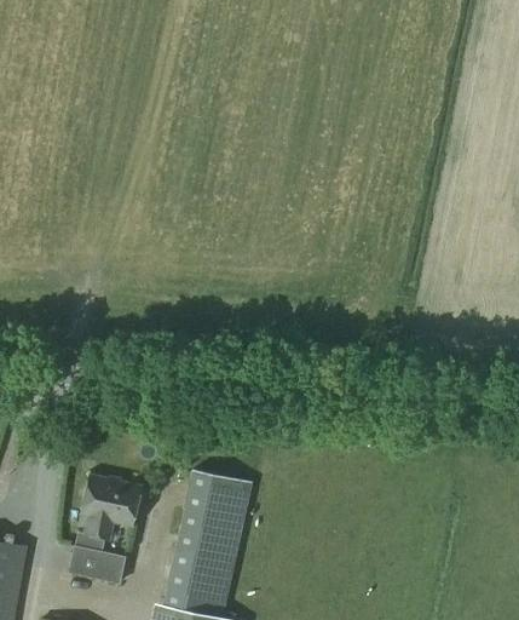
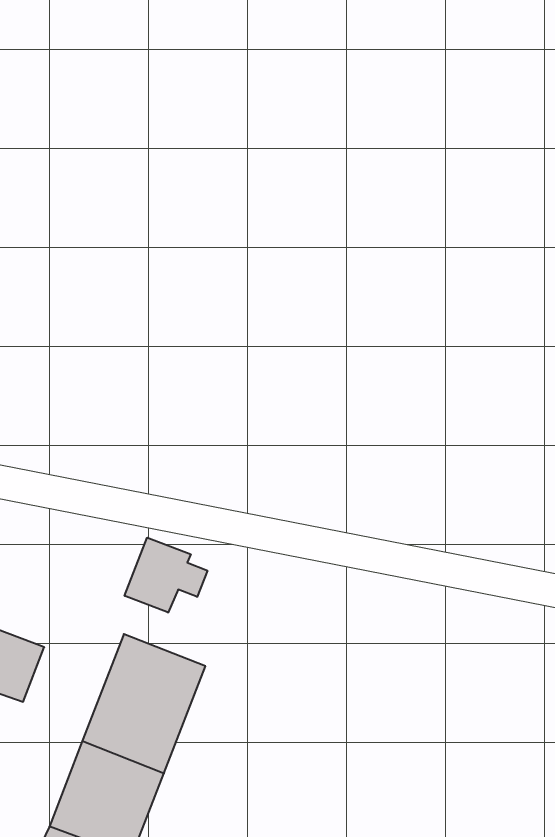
building: none -> [125,538,207,613]

